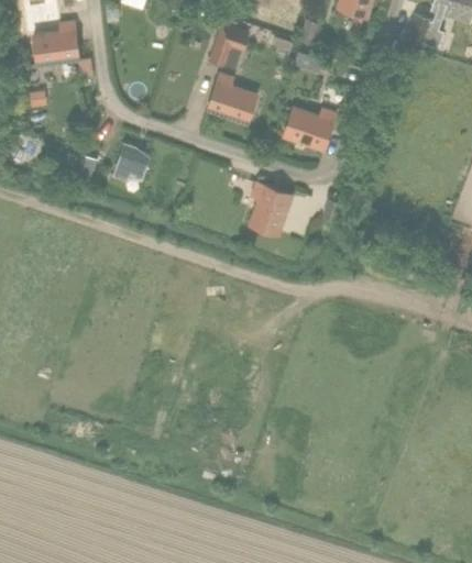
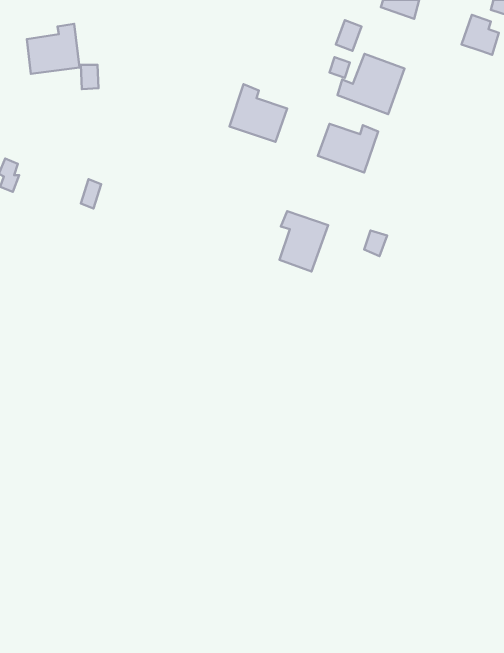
building: [210,22,250,65] -> none
building: none -> [338,54,405,114]
building: [113,142,151,180] -> none

